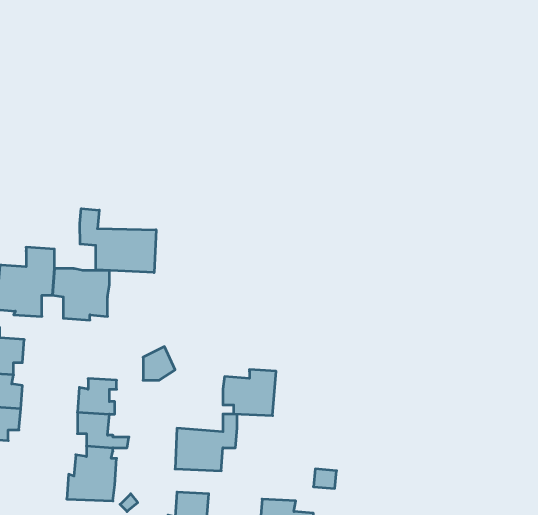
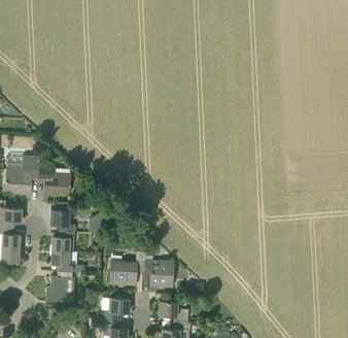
building: [80,209,156,273] -> none
building: none -> [50,209,75,231]
building: [223,370,276,416] -> [144,259,175,285]

